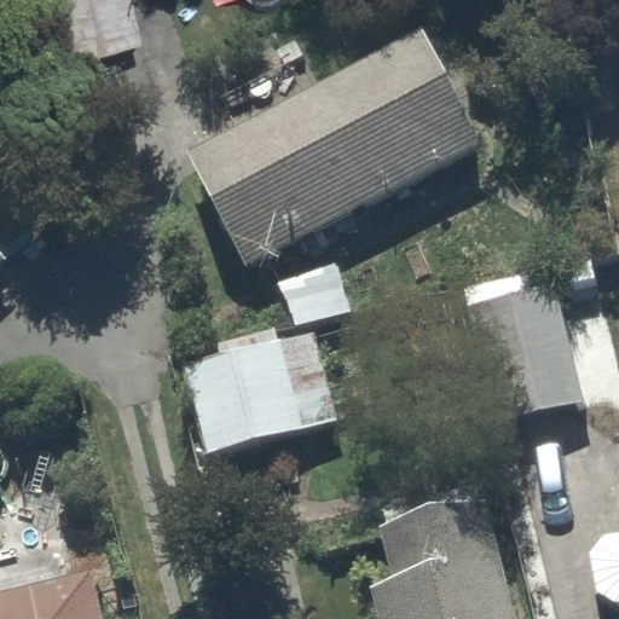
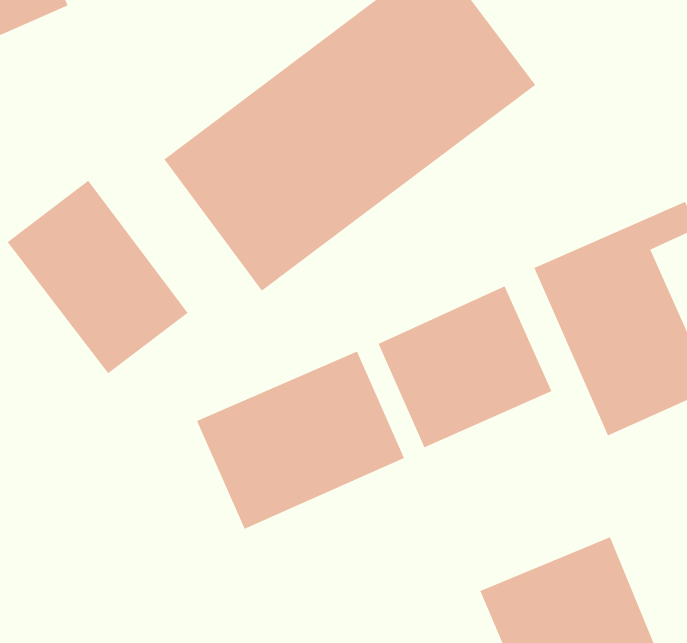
building: none -> [7,180,189,374]
building: none -> [378,286,552,448]

